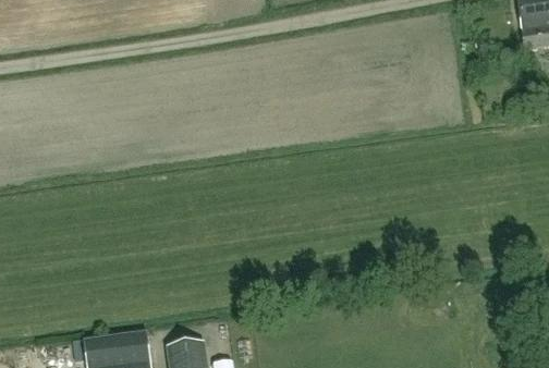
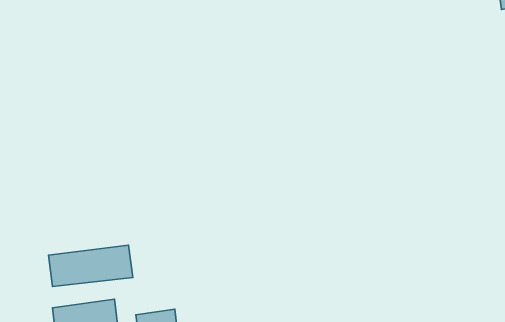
building: none -> [48,245,133,287]

